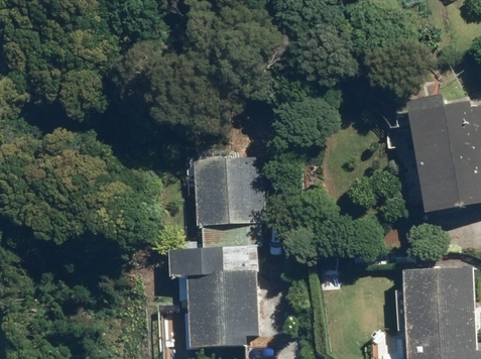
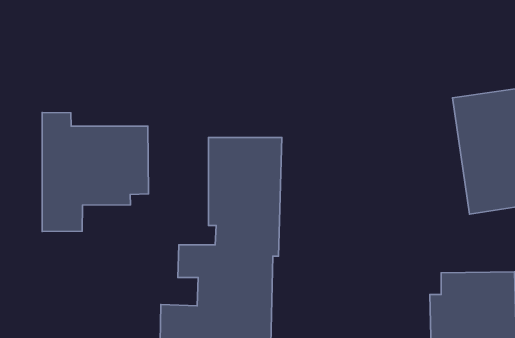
building: none -> [42,112,148,231]

